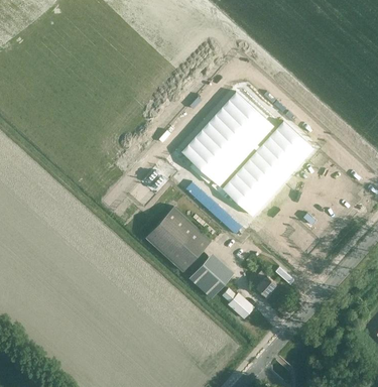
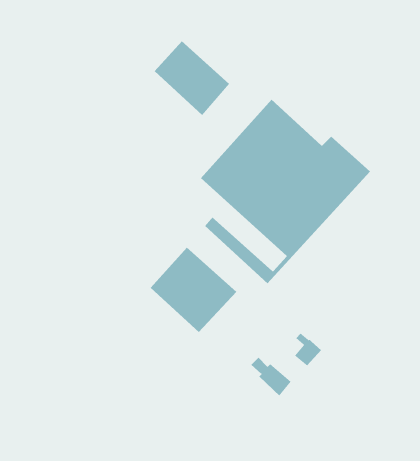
building: none -> [154,40,230,116]
building: [190,257,230,298] -> none

